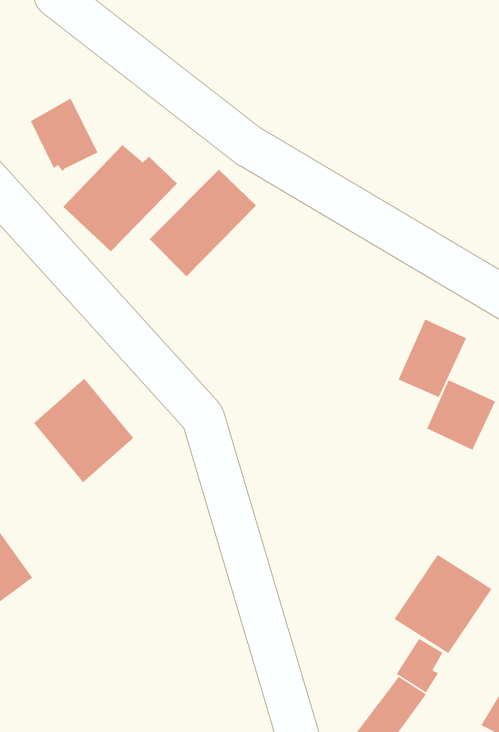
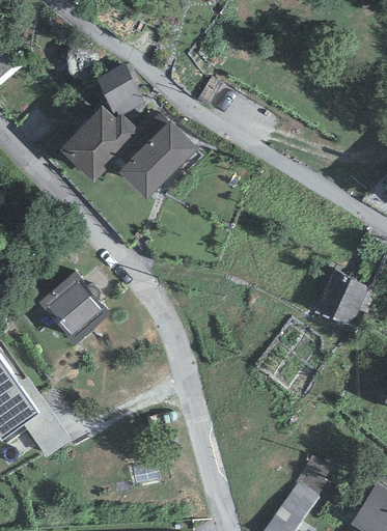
building: [30,97,99,172] -> [95,62,144,115]
building: [397,318,467,398] -> none
building: [394,554,492,654] -> none

